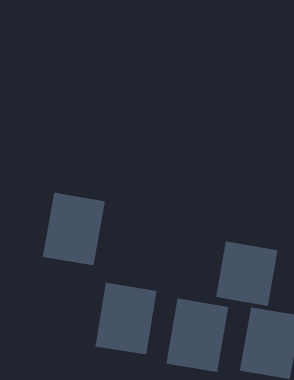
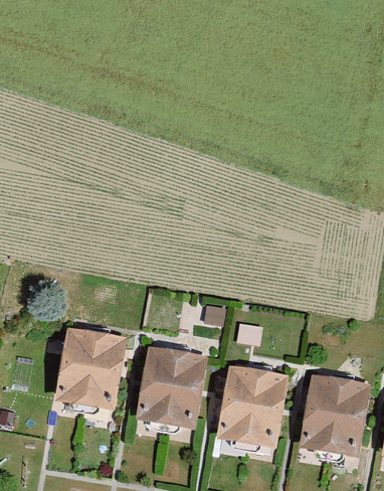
building: [42,192,106,266] -> [54,326,127,411]
building: [215,241,279,307] -> none

